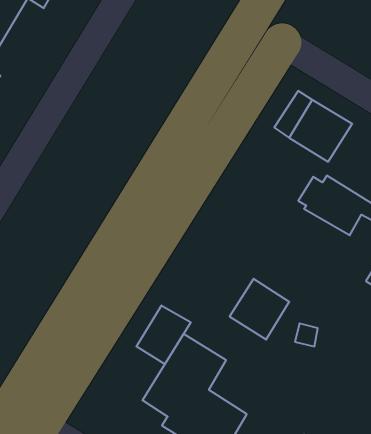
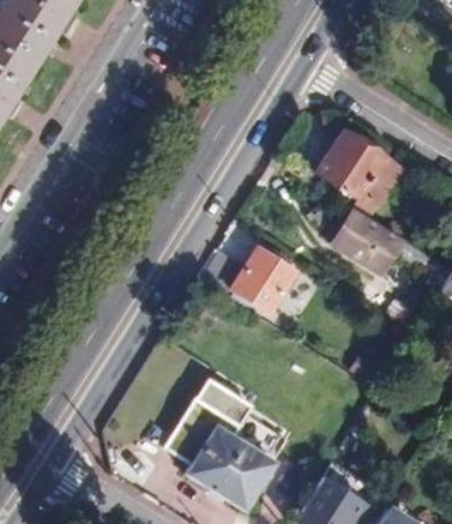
building: [230,279,289,340] -> [234,248,296,312]
building: [136,305,191,364] -> none

